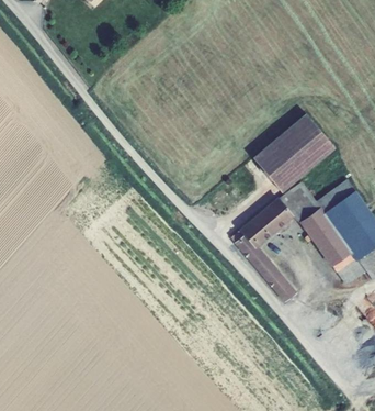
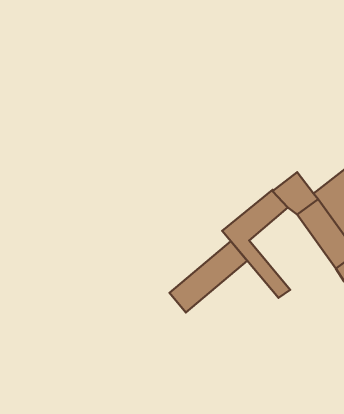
building: [253,114,334,191] -> none
building: none -> [170,241,247,312]

